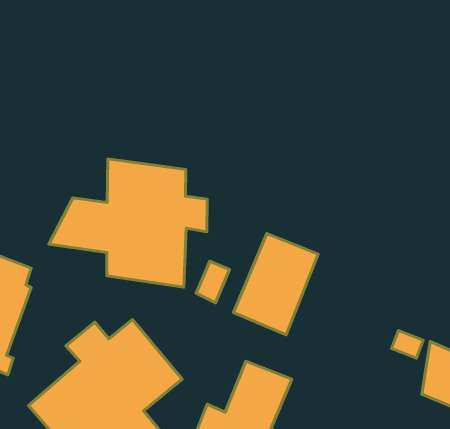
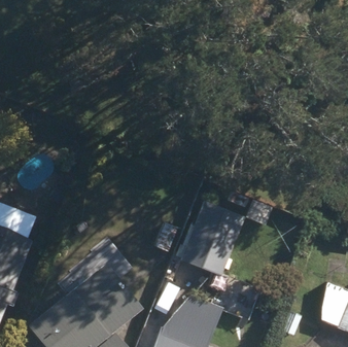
building: [49,159,207,287] -> none

